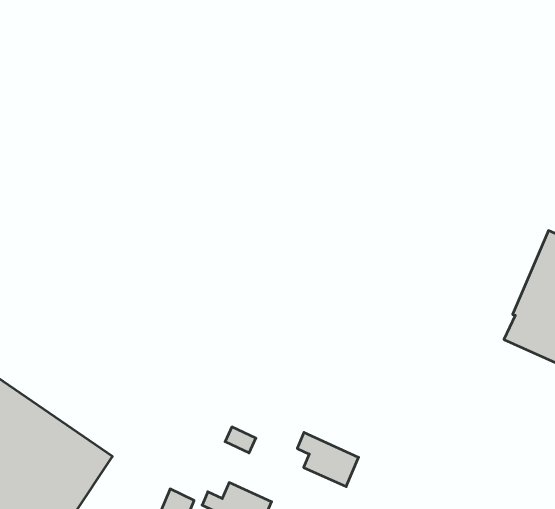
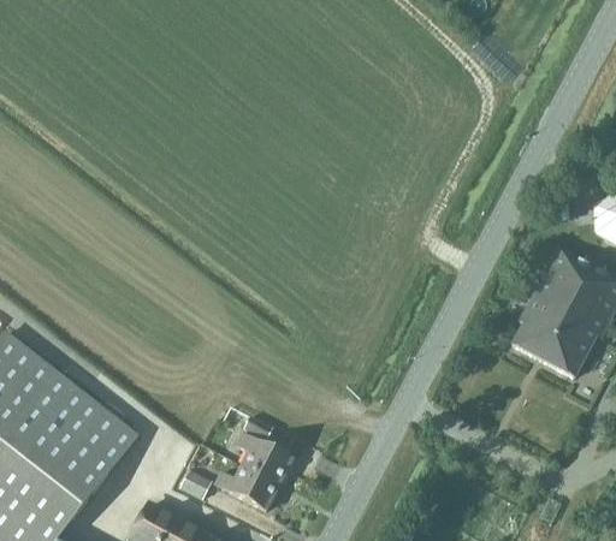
building: [297,432,359,487] -> [239,433,296,486]

